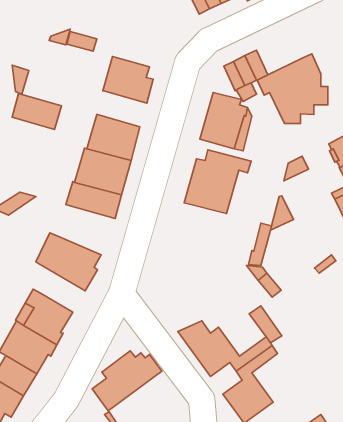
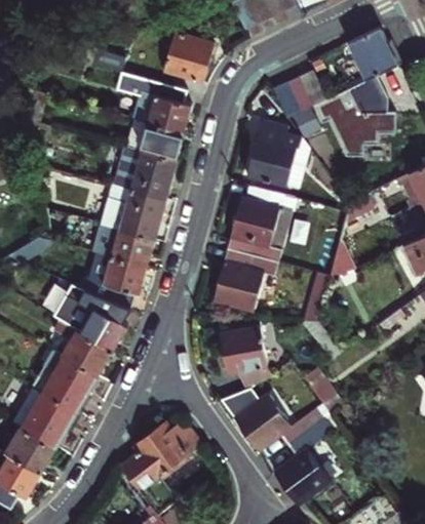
building: none -> [347,29,400,81]
building: none -> [162,33,214,84]
building: [12,93,62,130] -> [126,119,184,161]
building: none -> [212,249,276,311]
building: none -> [80,253,147,310]
building: none -> [53,321,112,376]
building: none -> [219,327,271,387]

